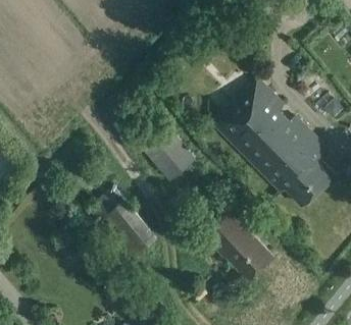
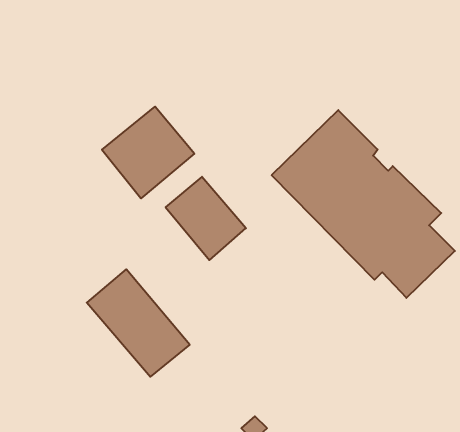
building: none -> [102,107,194,198]
building: [203,207,274,279] -> none

